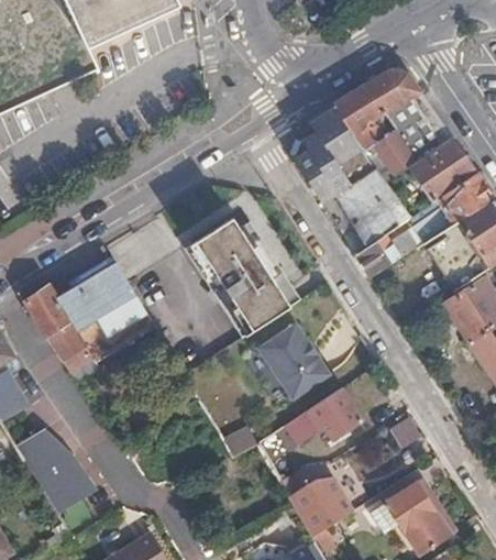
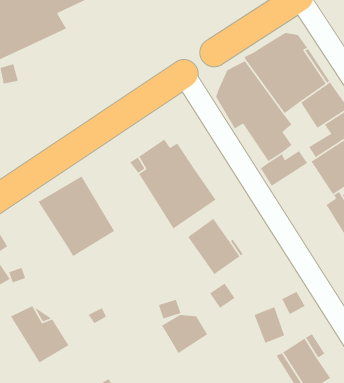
building: [25,285,96,372] -> none
building: [308,385,363,435] -> none
building: [288,481,352,535] -> [161,314,208,354]

